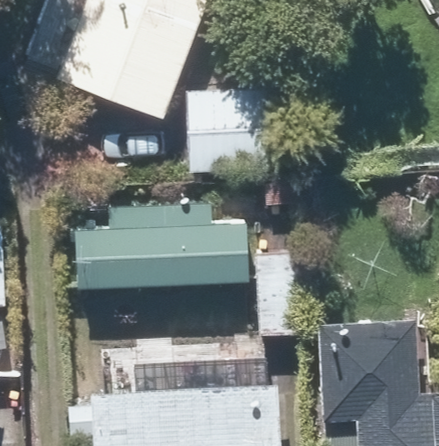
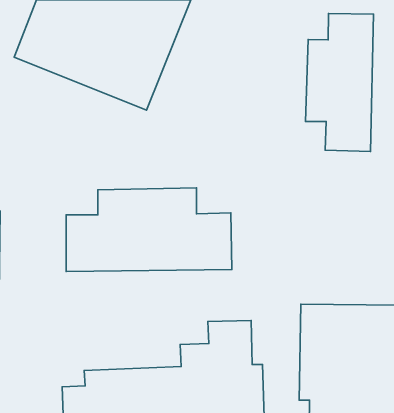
building: none -> [306,14,374,152]
building: [186,89,275,173] -> none

